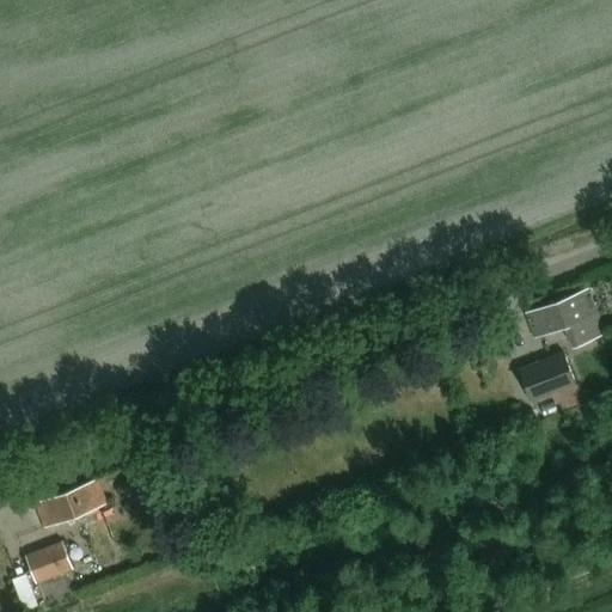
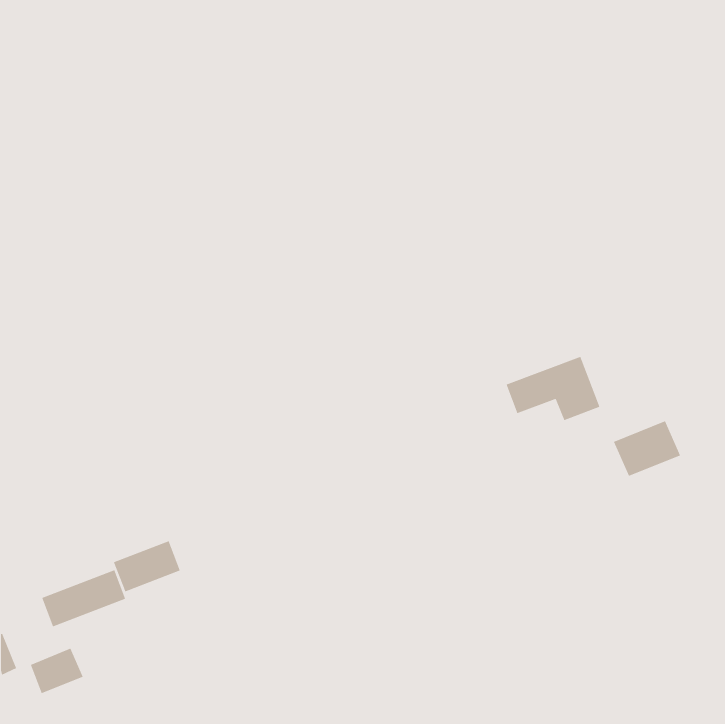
building: [525,289,605,344] -> [506,356,601,421]
building: none -> [113,540,181,593]

